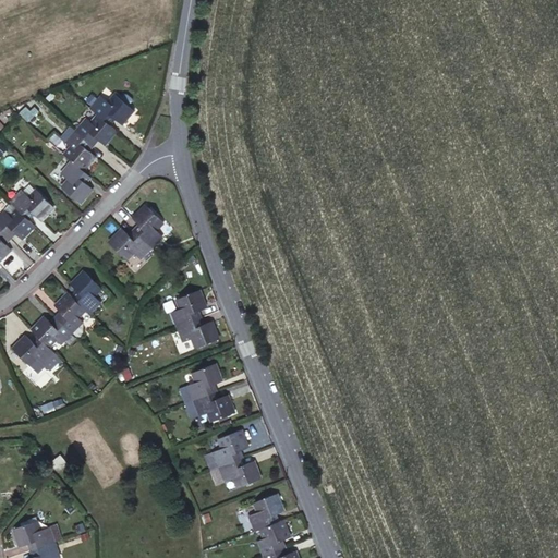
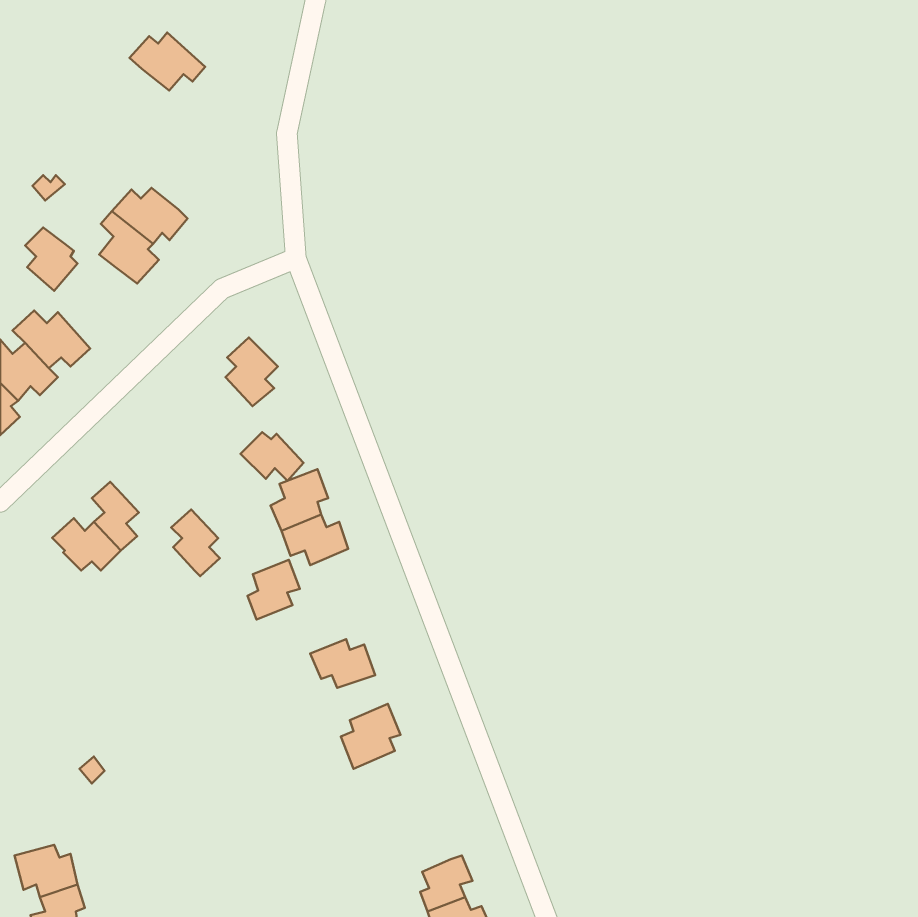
building: [86,95,132,130] -> [129,33,205,90]
building: [61,165,93,203] -> [25,228,78,291]
building: [117,230,155,259] -> [240,432,304,481]
building: [72,276,101,316] -> [171,509,220,576]
building: [13,336,56,365] -> none
building: [184,362,216,398] -> [248,560,300,619]
building: [216,457,255,486] -> none
building: [252,496,281,530] -> none

